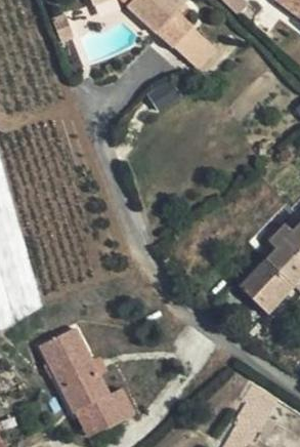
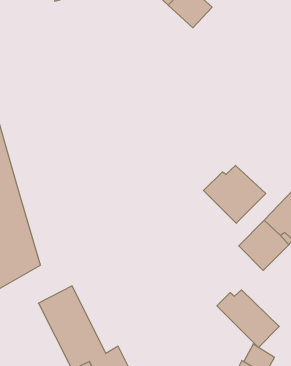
building: none -> [204,165,266,223]
building: none -> [217,290,279,348]

